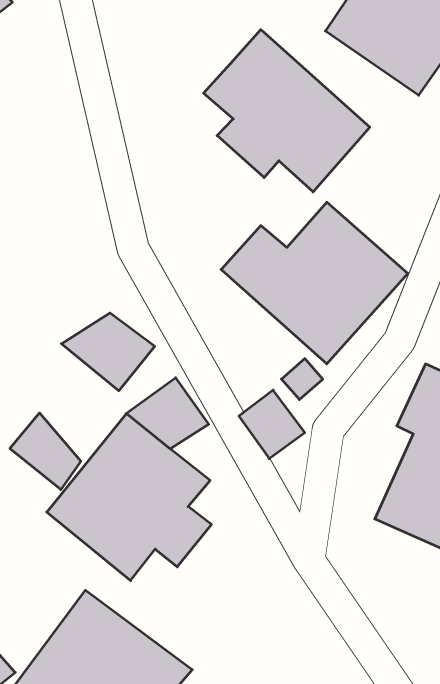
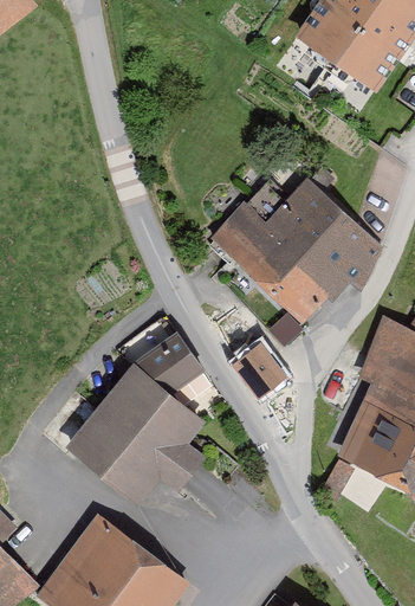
building: [204,30,370,192] -> none
building: [61,313,155,391] -> none
building: [10,413,81,490] -> none

